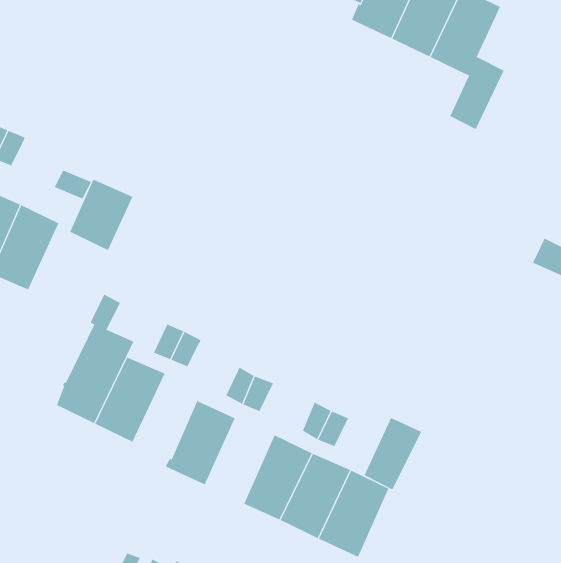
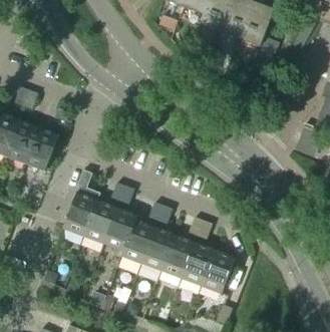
building: [69,179,133,251] -> none
building: none -> [103,207,137,250]
building: [364,417,422,490] -> none
building: none -> [141,227,175,270]

